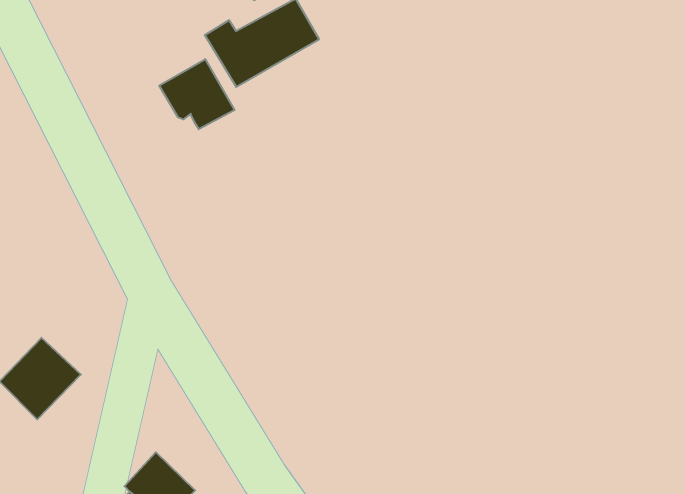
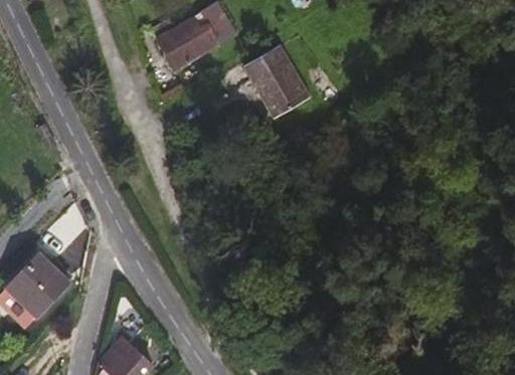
building: none -> [248,48,310,115]
building: [159,59,234,129] -> none

